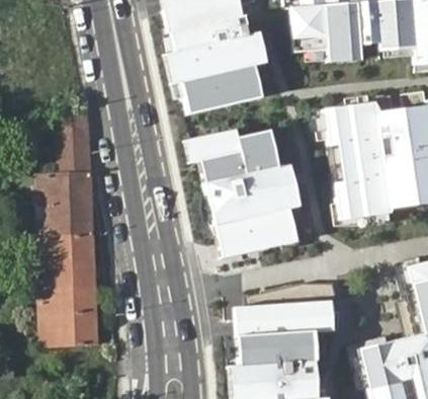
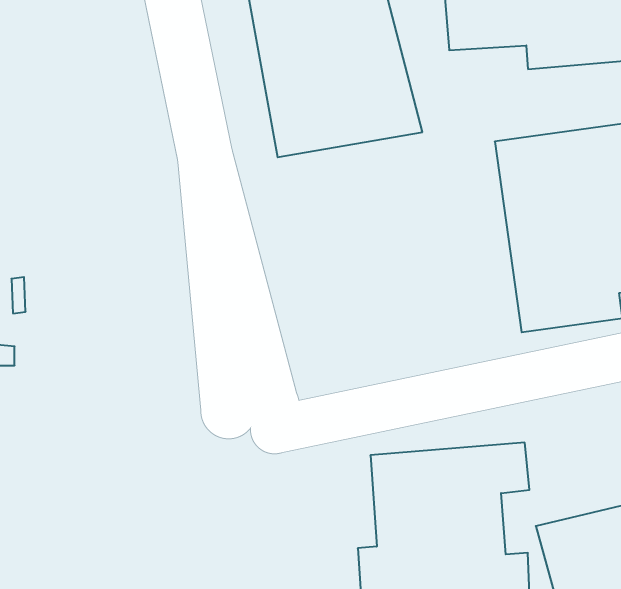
building: [39,115,97,346] -> none
building: [187,121,298,268] -> none

